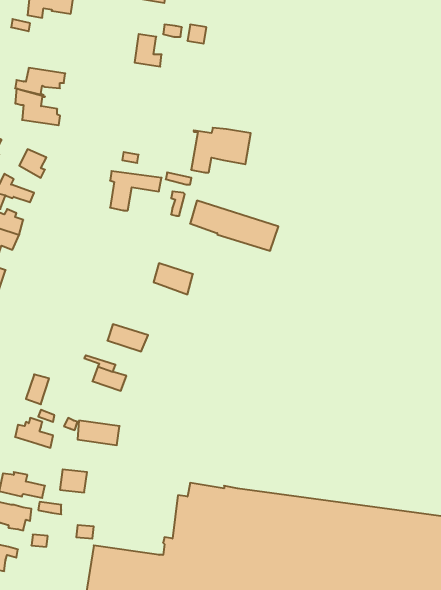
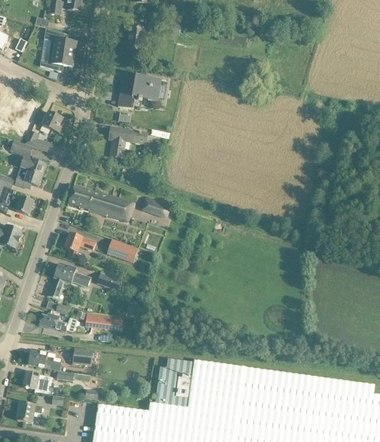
building: [15,89,60,125] -> [44,29,77,56]
building: [191,128,251,172] -> [117,75,161,108]
building: [190,201,278,251] -> [68,185,133,222]
building: none -> [64,232,95,258]
building: none -> [53,264,90,287]

